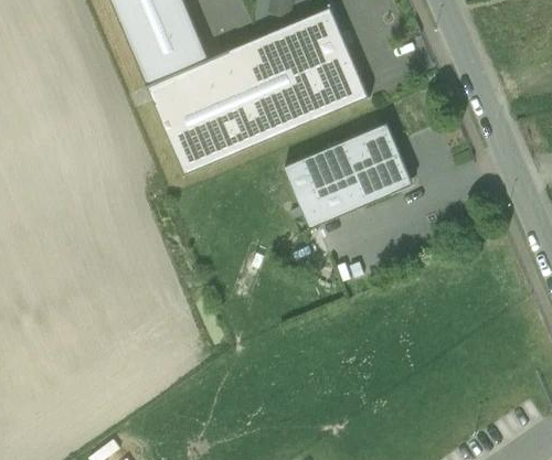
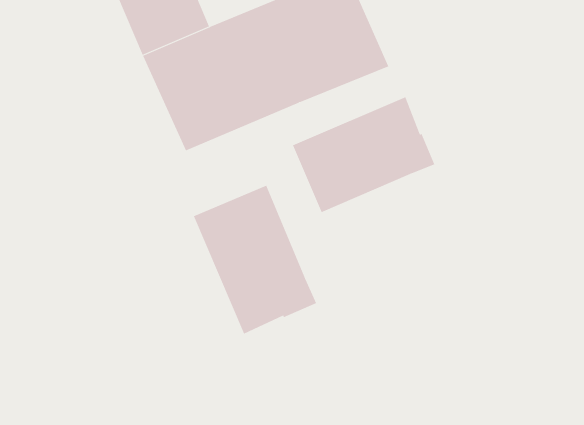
building: none -> [193,185,317,334]

